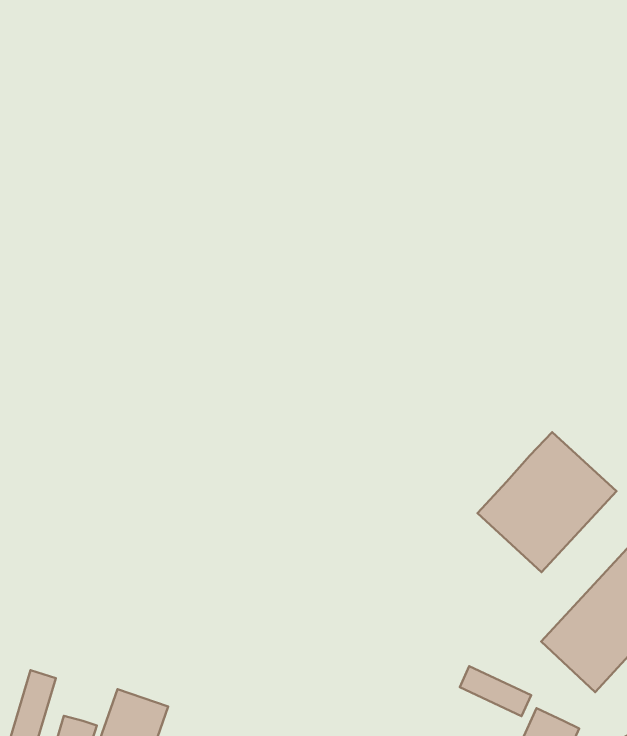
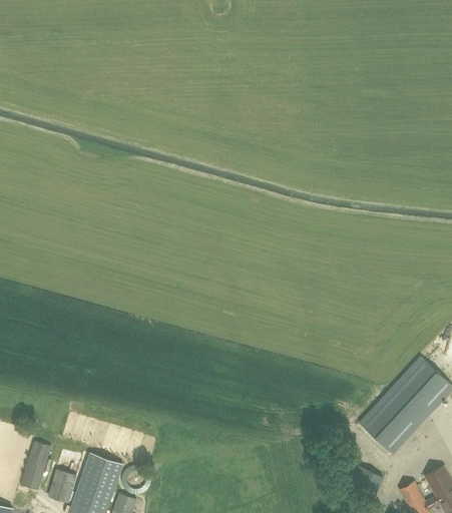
building: [477,432,617,572] -> none
building: [460,666,531,716] -> none

